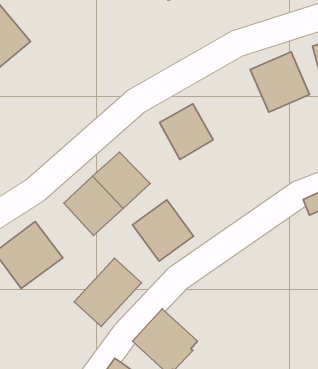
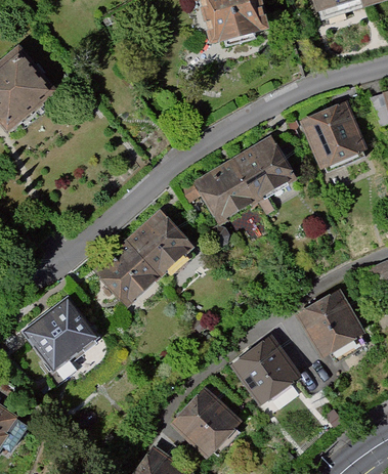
building: none -> [236,140,295,201]
building: [132,200,194,261] -> [232,339,300,406]
building: none -> [300,291,367,360]
building: [74,258,141,326] -> none

